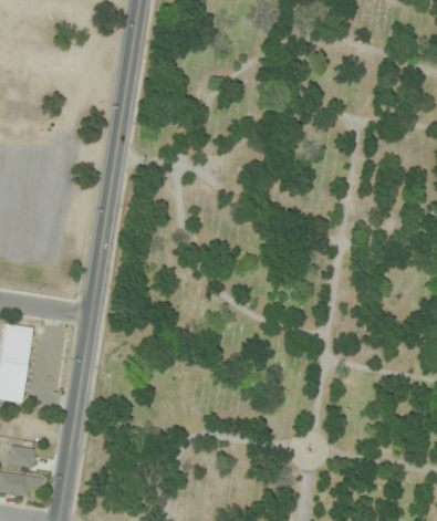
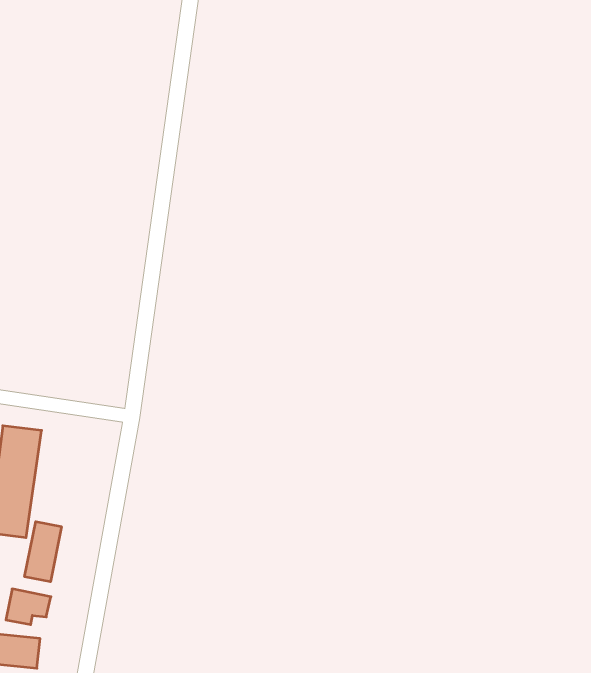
building: none -> [25,522,61,582]

